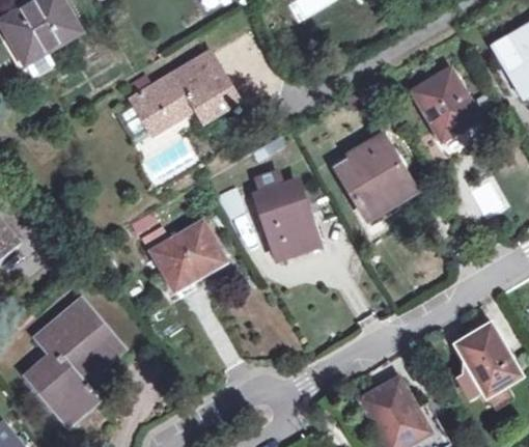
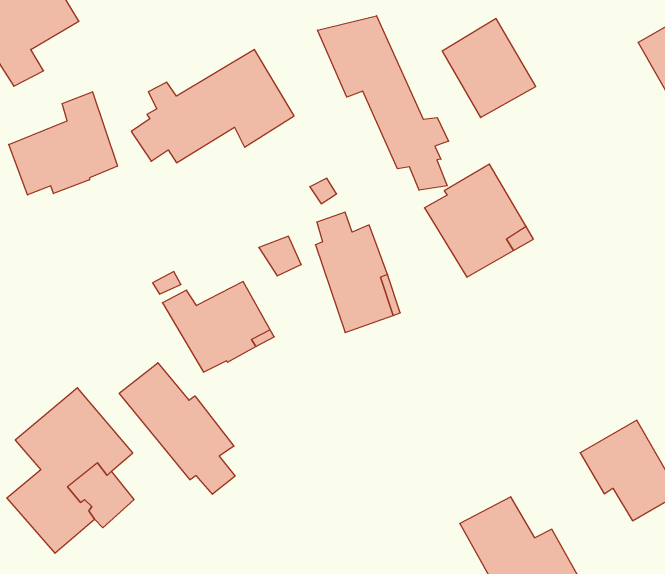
building: none -> [318,16,449,190]
building: [411,67,479,140] -> [442,19,536,118]
building: none -> [9,92,117,195]
building: none -> [119,363,235,494]

